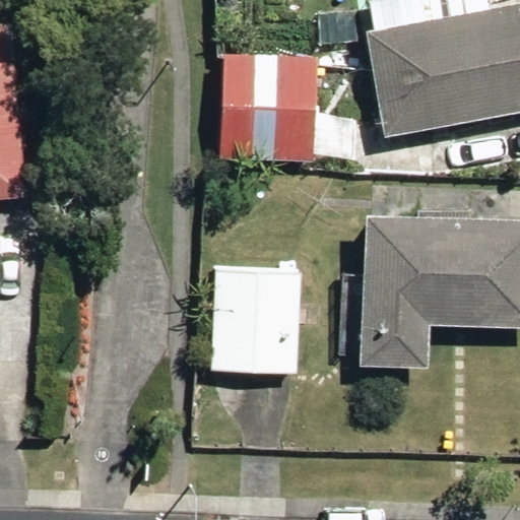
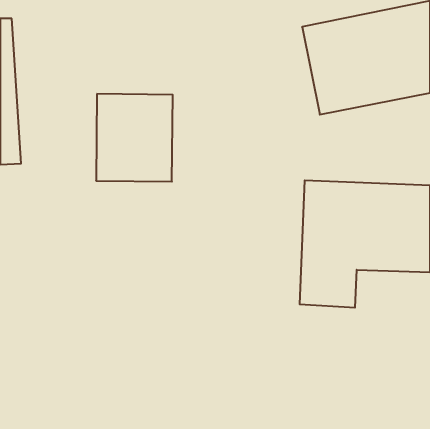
building: [221,53,314,158] -> [96,94,173,182]
building: [214,264,301,371] -> none

